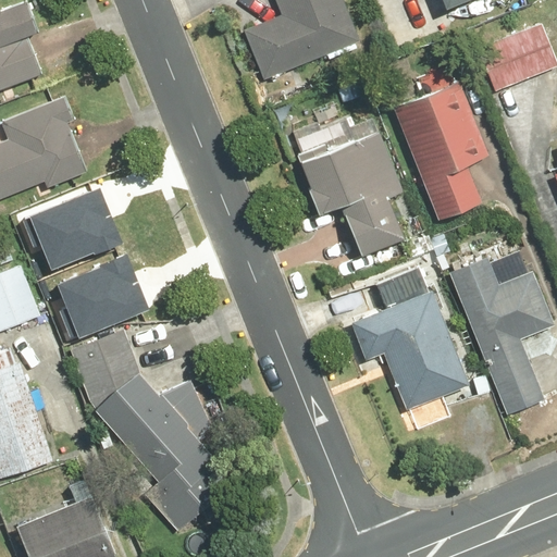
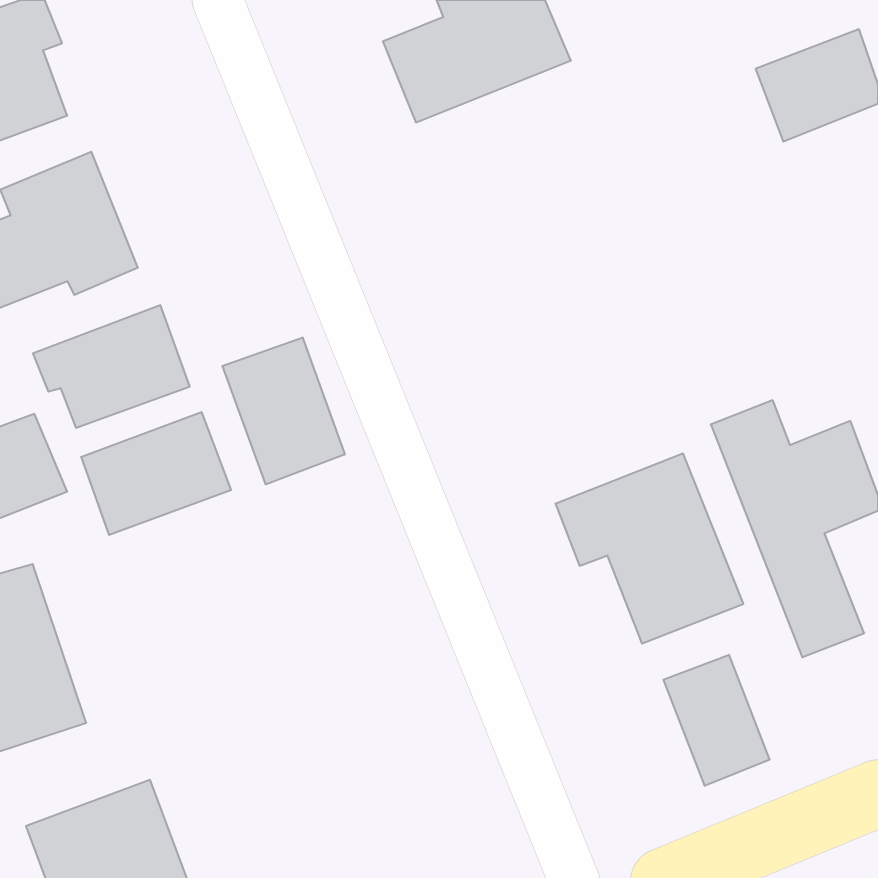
building: [392,78,490,218] -> none
building: [295,128,403,251] -> none
building: none -> [222,337,345,484]
building: [69,326,233,531] -> none
building: none -> [663,655,770,786]

